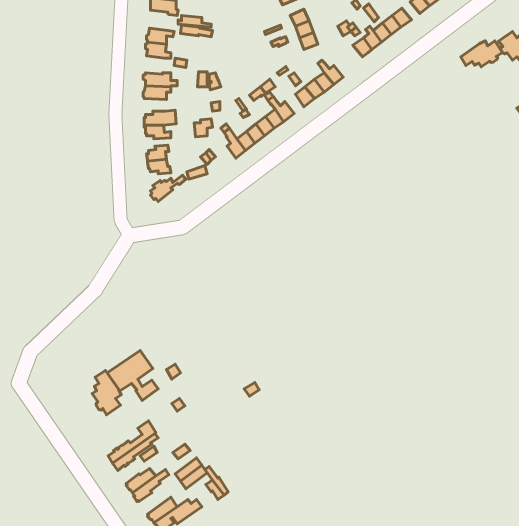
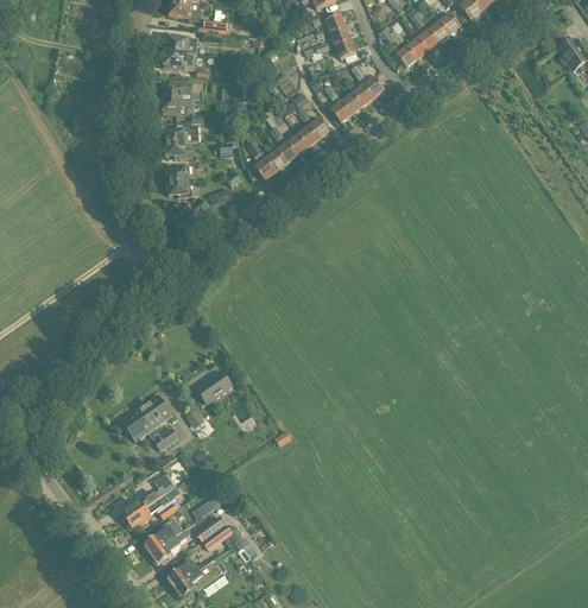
building: [461,41,503,67] -> none
building: none -> [195,369,233,404]
building: [92,371,121,415] -> none

